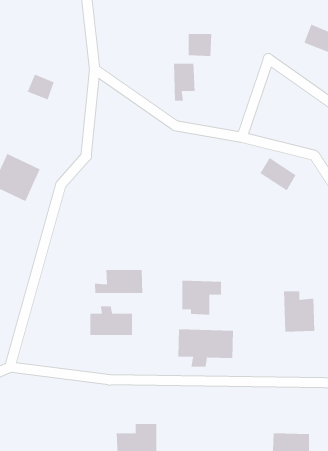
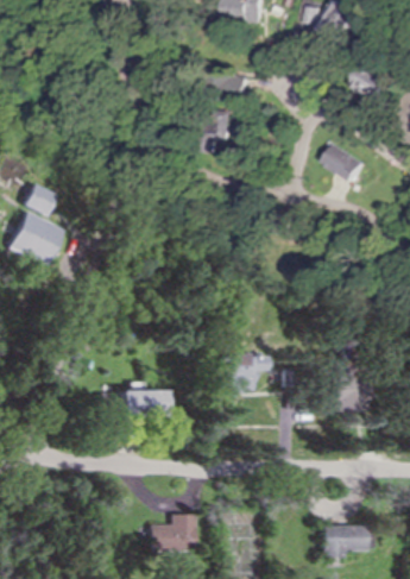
building: [27,74,55,100] -> [23,183,53,213]
building: [260,157,297,191] -> [323,143,365,181]
building: [94,269,143,294] -> none
building: [178,329,234,368] -> none

